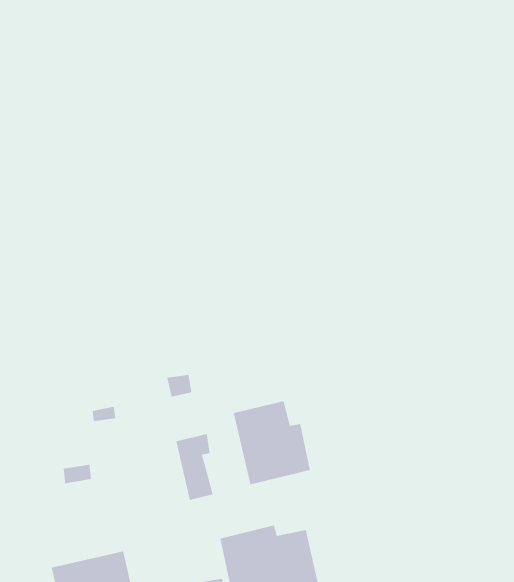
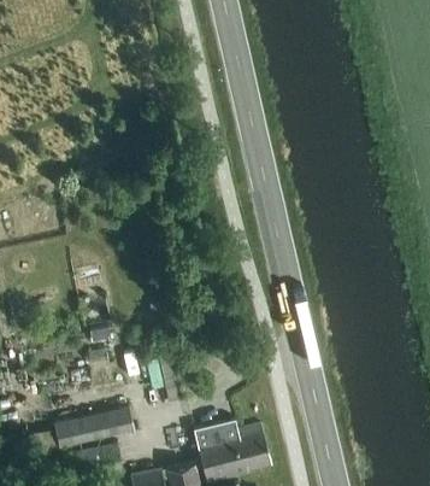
building: [233,401,311,485] -> none
building: none -> [54,405,134,446]

